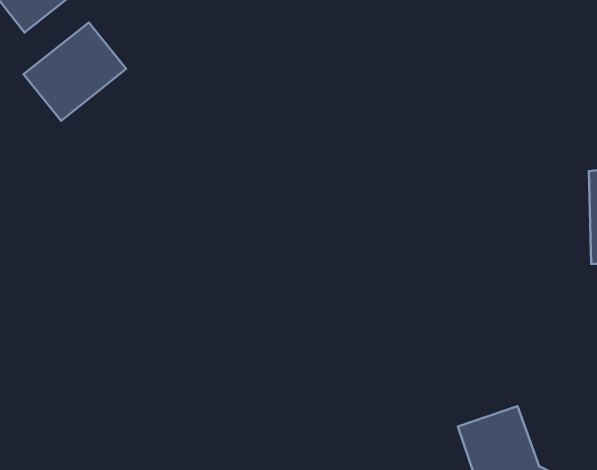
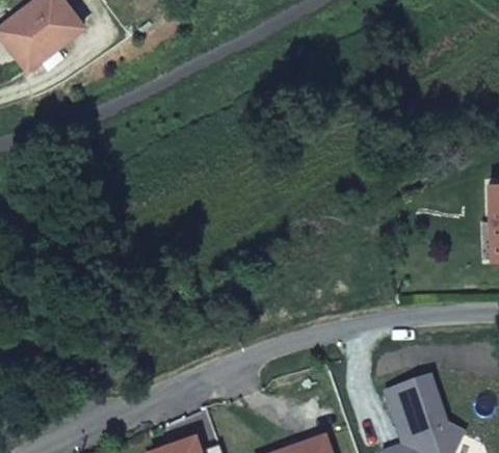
building: [24,22,126,121] -> none

